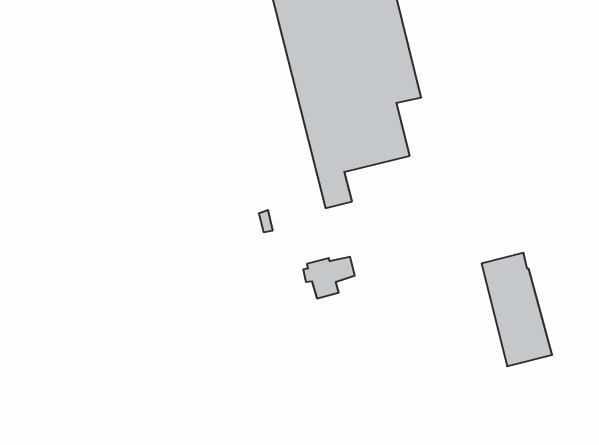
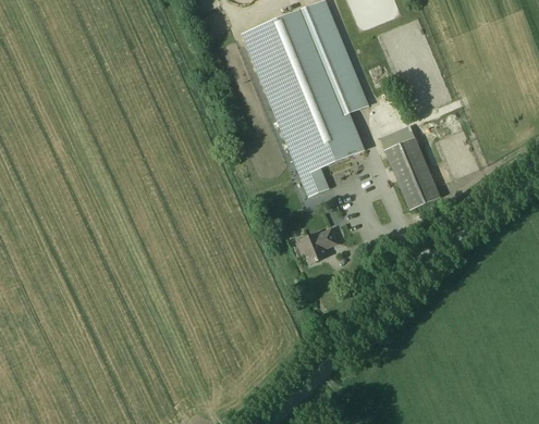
building: [482,253,552,366] -> [380,126,441,210]

